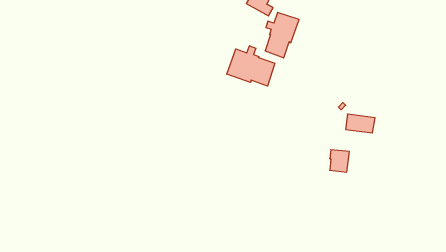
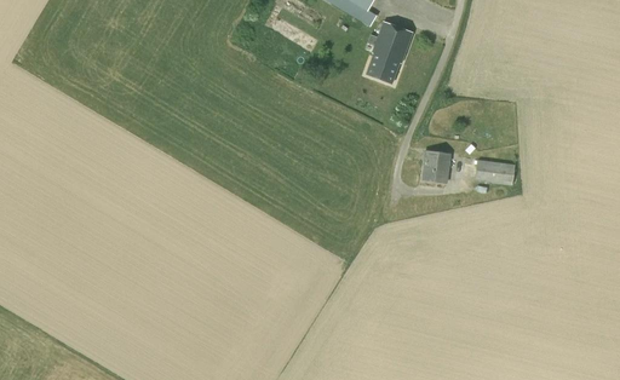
building: [227,46,275,86] -> none
building: [330,150,349,172] -> [424,151,450,182]

